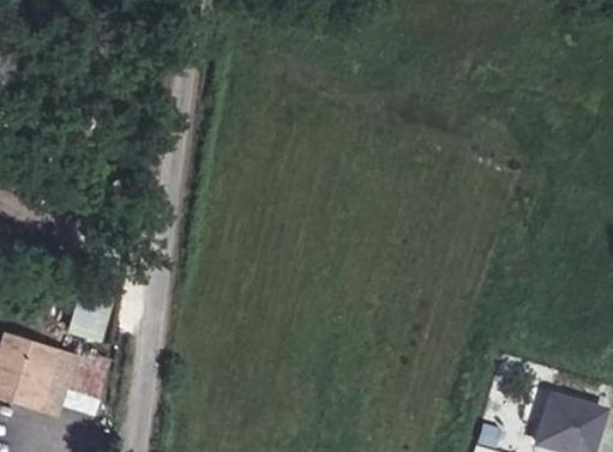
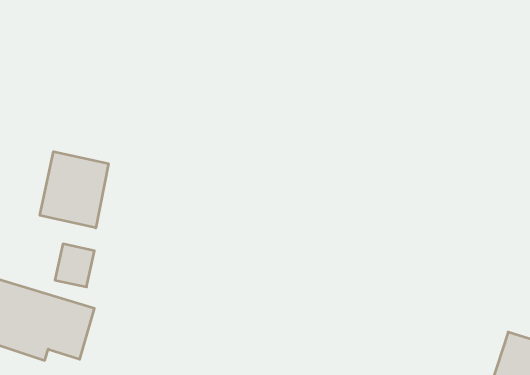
building: none -> [40,152,108,228]

